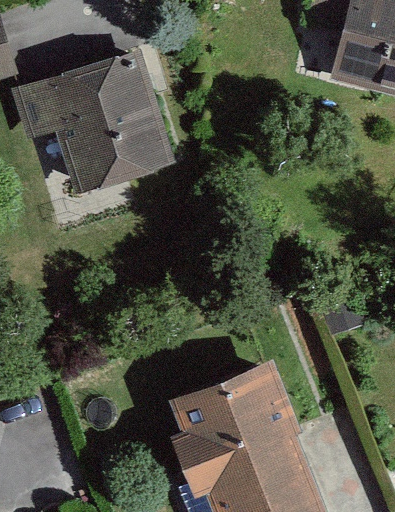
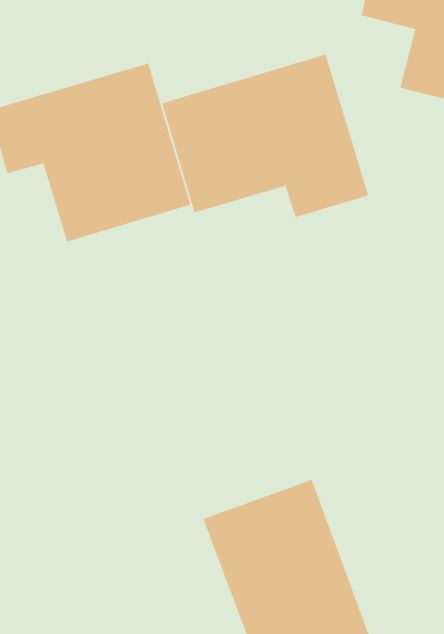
building: none -> [162,54,369,218]

